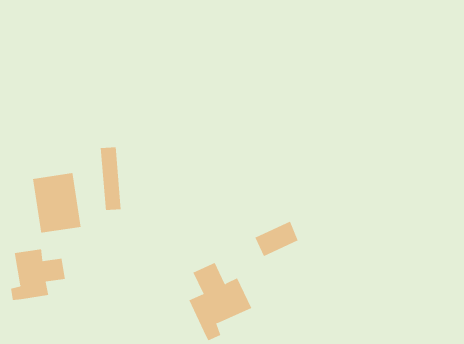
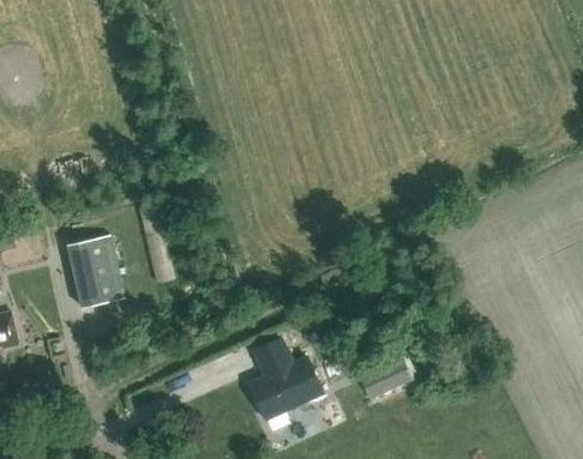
building: [254,221,299,257] -> [359,357,410,399]
building: [11,249,65,301] -> none

